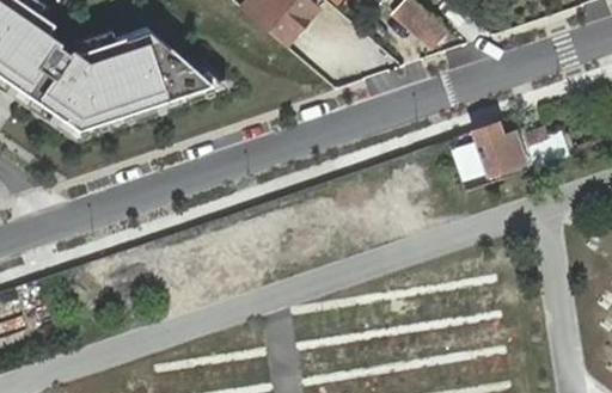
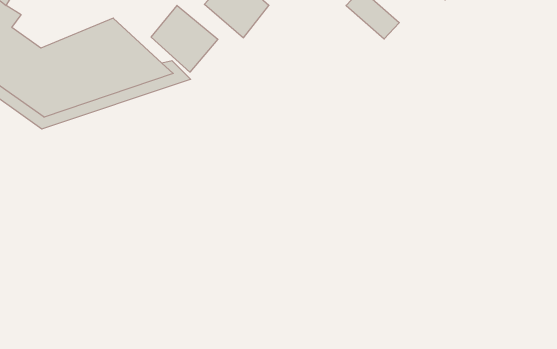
building: none -> [151,5,218,72]
building: [471,123,552,172] -> none

